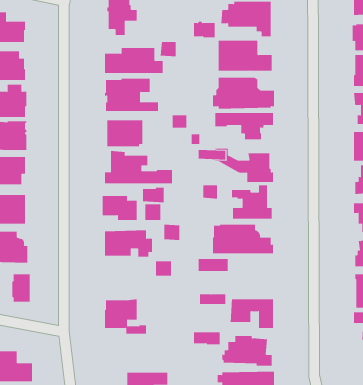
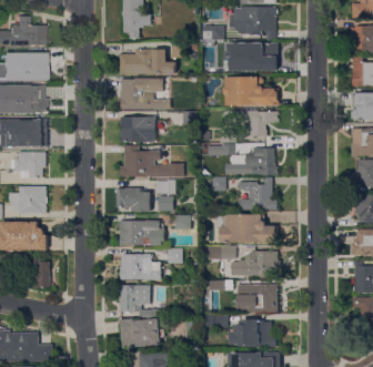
building: none -> [231,251,281,276]
building: none -> [122,254,162,279]
building: none -> [120,318,163,347]

